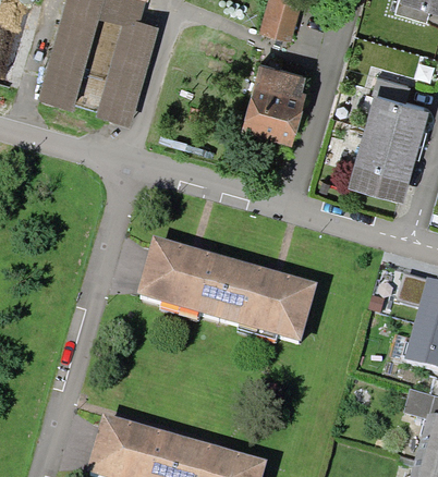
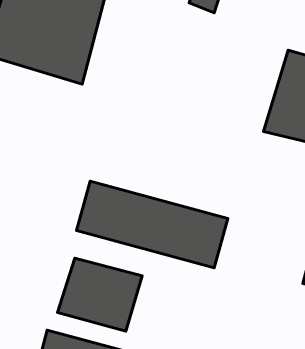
building: [251,54,318,139] -> none
building: none -> [58,258,142,331]

